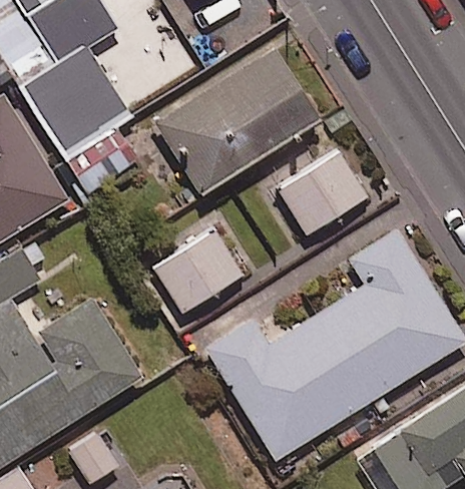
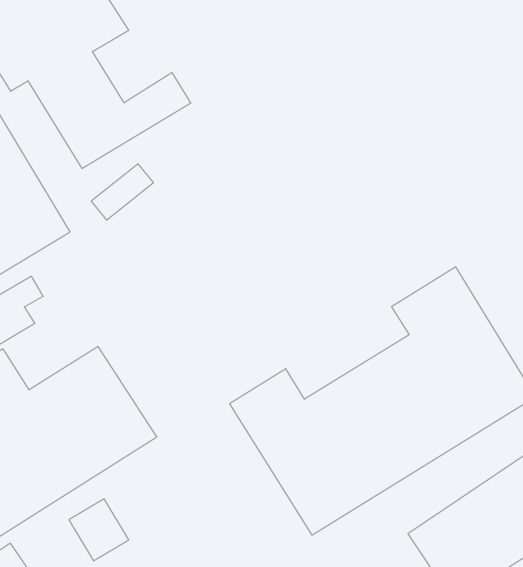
building: [154,48,320,195] -> none
building: [279,152,367,235] -> none
building: [153,228,243,314] -> none

